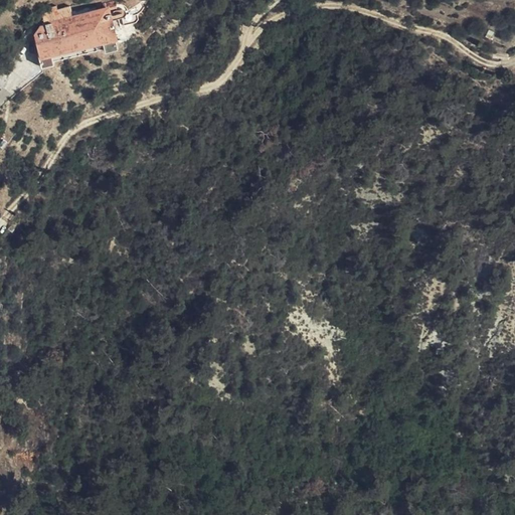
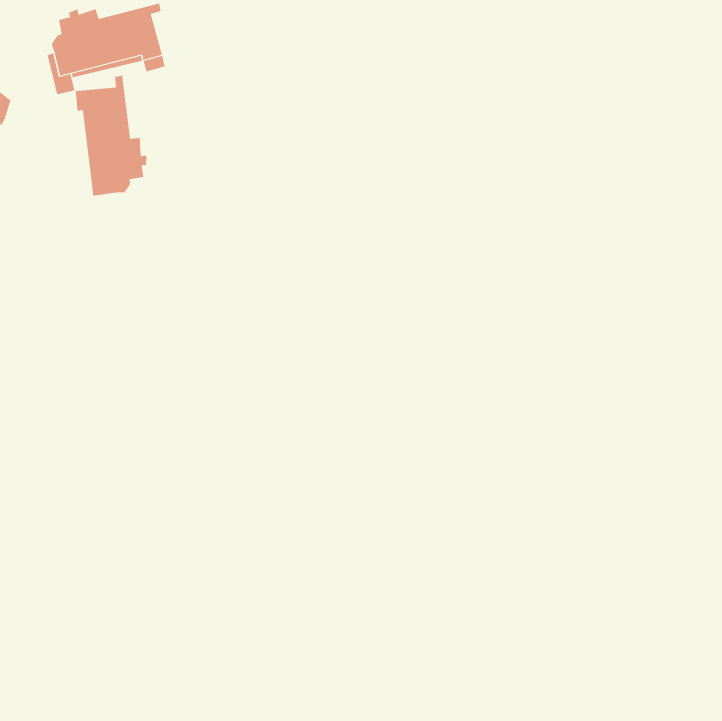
building: none -> [75,75,147,196]

